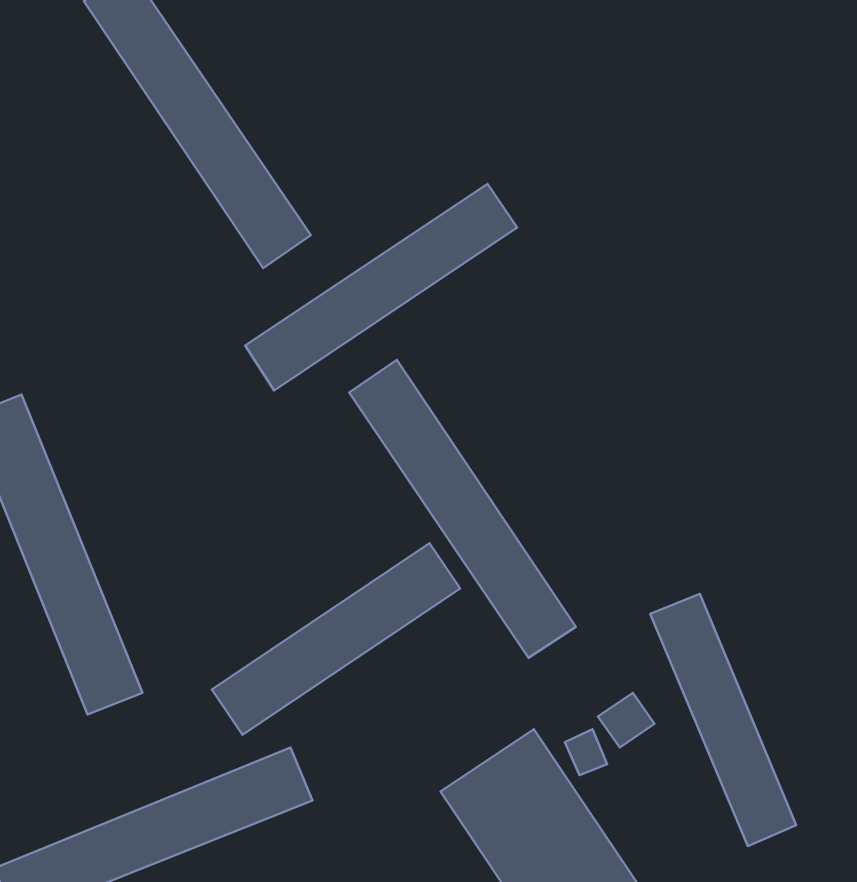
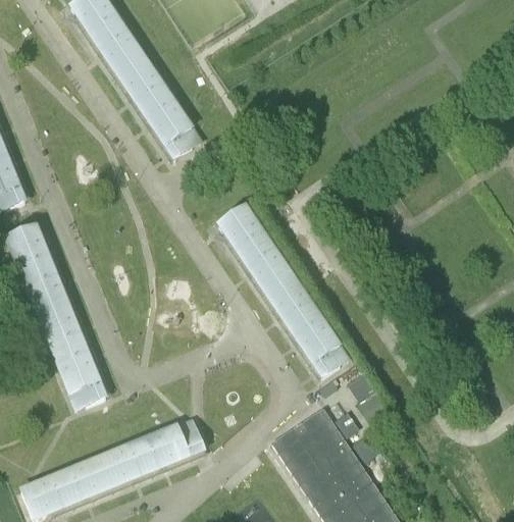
building: [245,184,517,390] -> none
building: [212,543,460,735] -> none
building: [650,594,796,846] -> none

